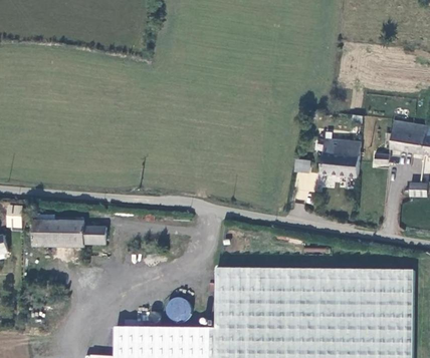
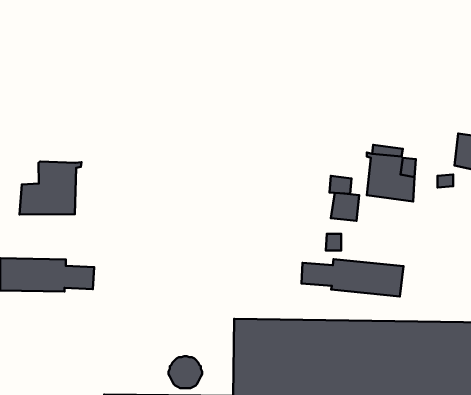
building: none -> [19,161,82,215]
building: none -> [301,259,404,296]

